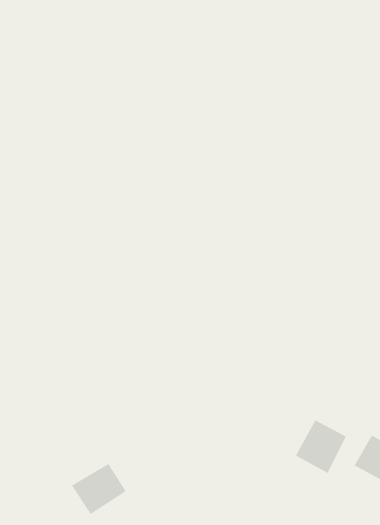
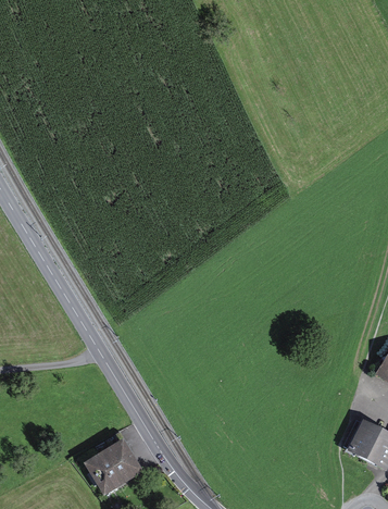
building: [295,420,346,474] -> none

